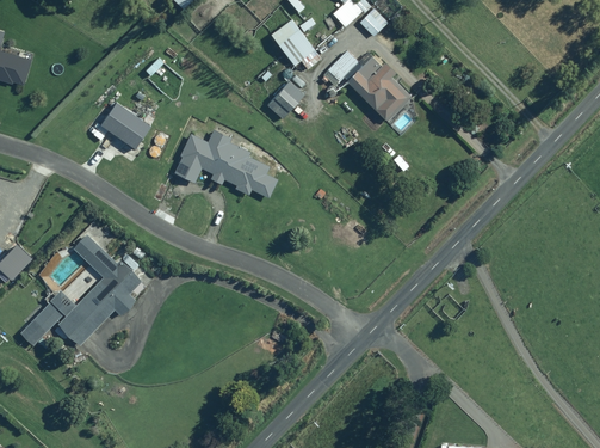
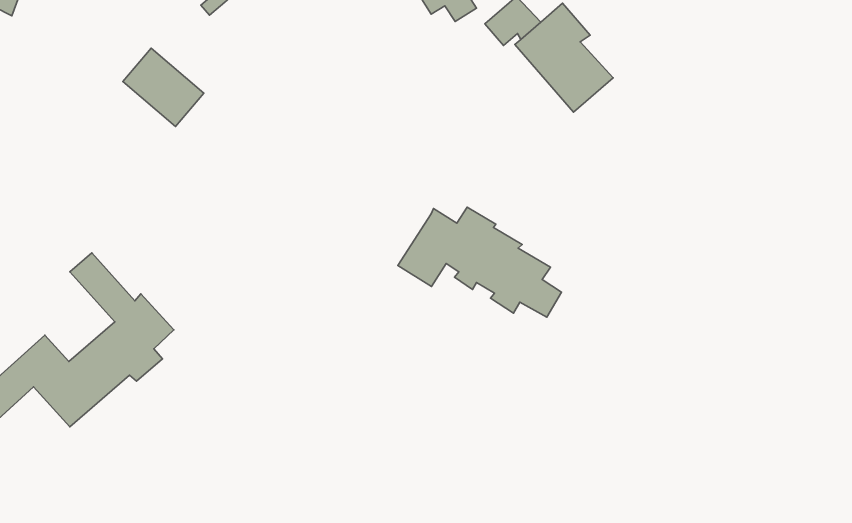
building: [266,79,305,119] -> none
building: [172,131,278,198] -> [398,207,562,317]

